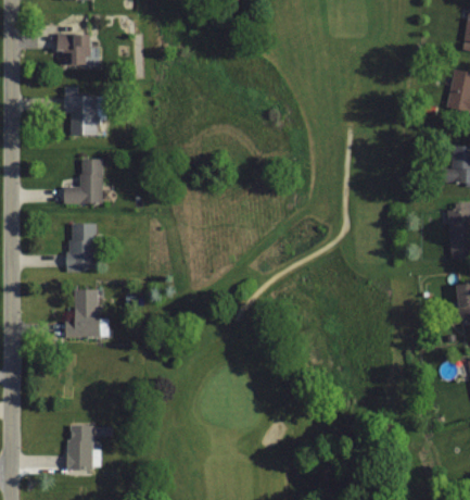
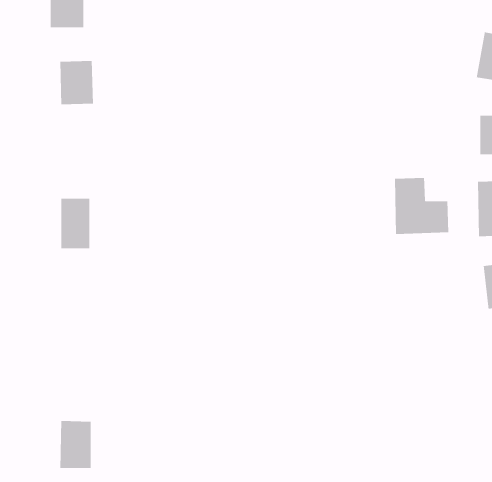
building: [62,160,102,203] -> none
building: none -> [394,177,449,235]
building: [71,288,100,337] -> none

